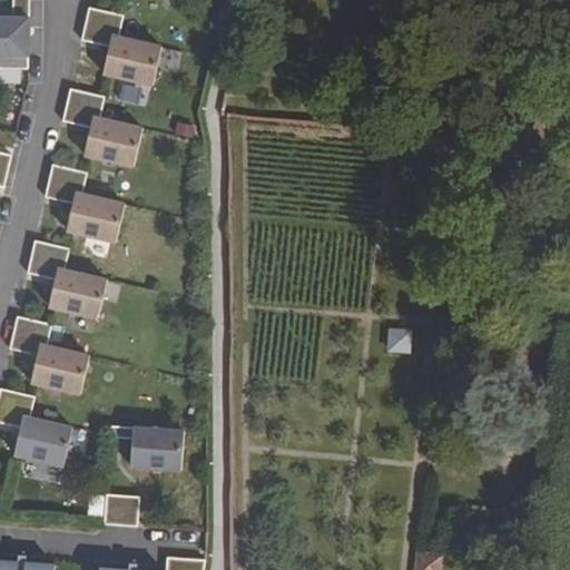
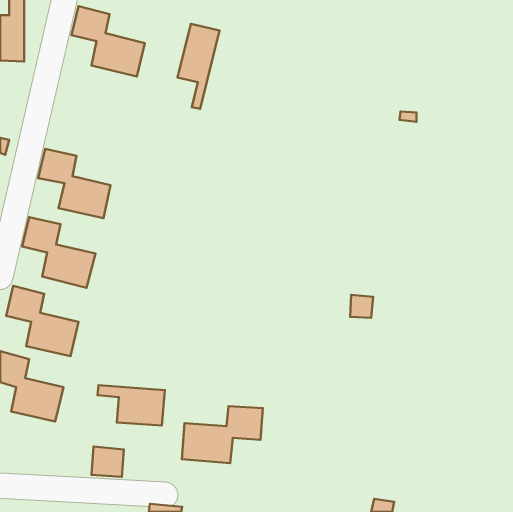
building: none -> [177,24,219,109]
building: [61,88,141,166] -> none
building: none -> [182,406,263,463]

